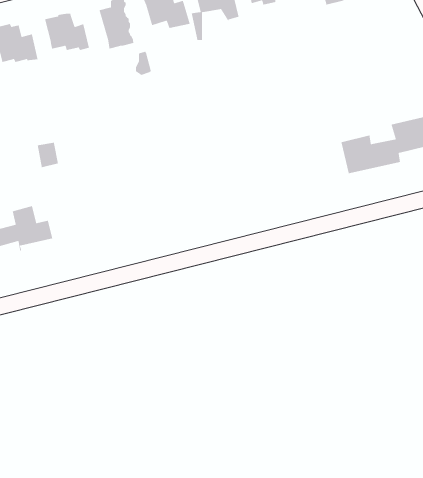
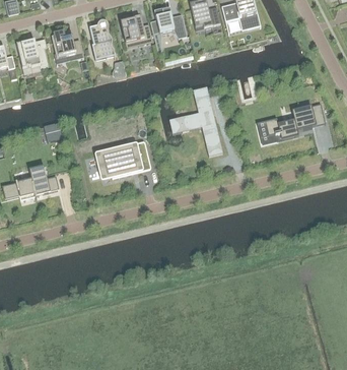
building: none -> [169,85,223,156]
building: none -> [97,142,148,178]

